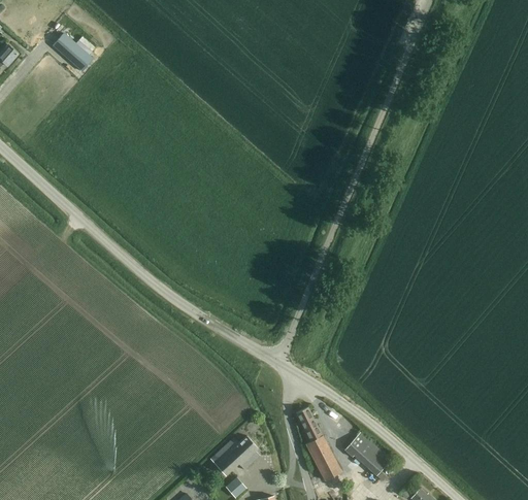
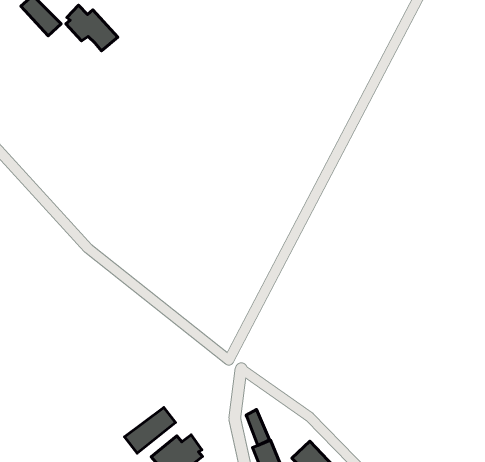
building: none -> [66,5,118,51]
building: none -> [124,408,176,453]

